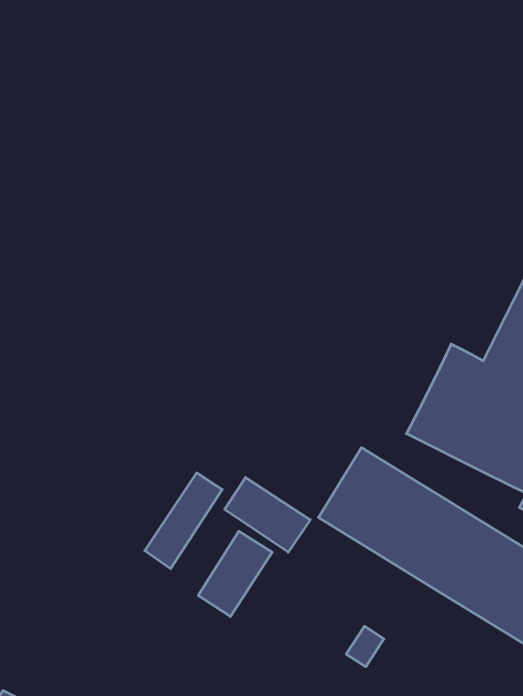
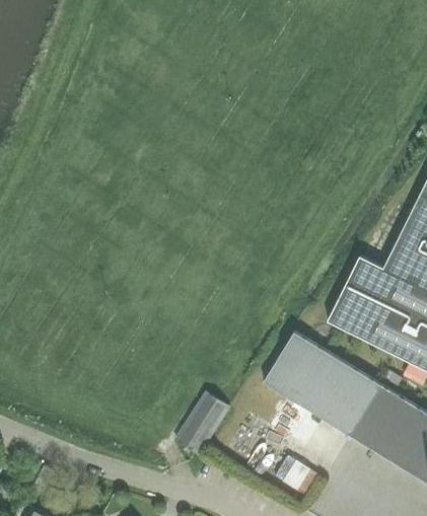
building: [145,473,222,569] -> none
building: [225,477,310,552] -> none

